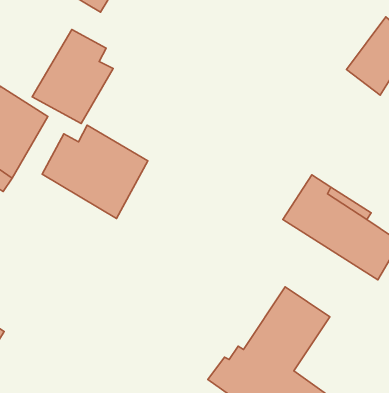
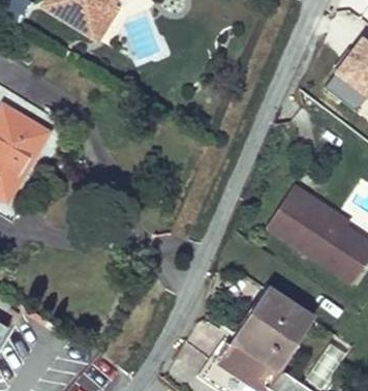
building: [32,30,113,124] -> none
building: [42,125,148,218] -> none

